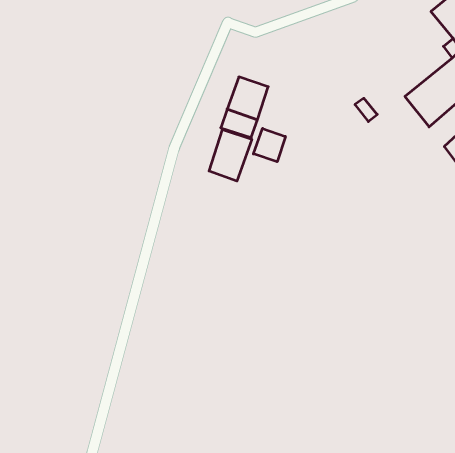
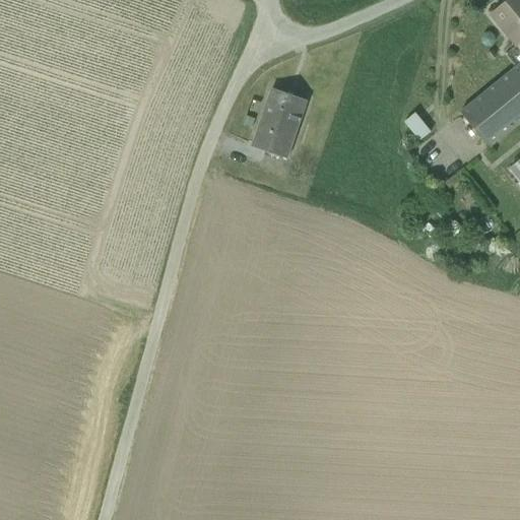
building: [253,128,285,162] -> none
building: [209,130,252,181] -> none

